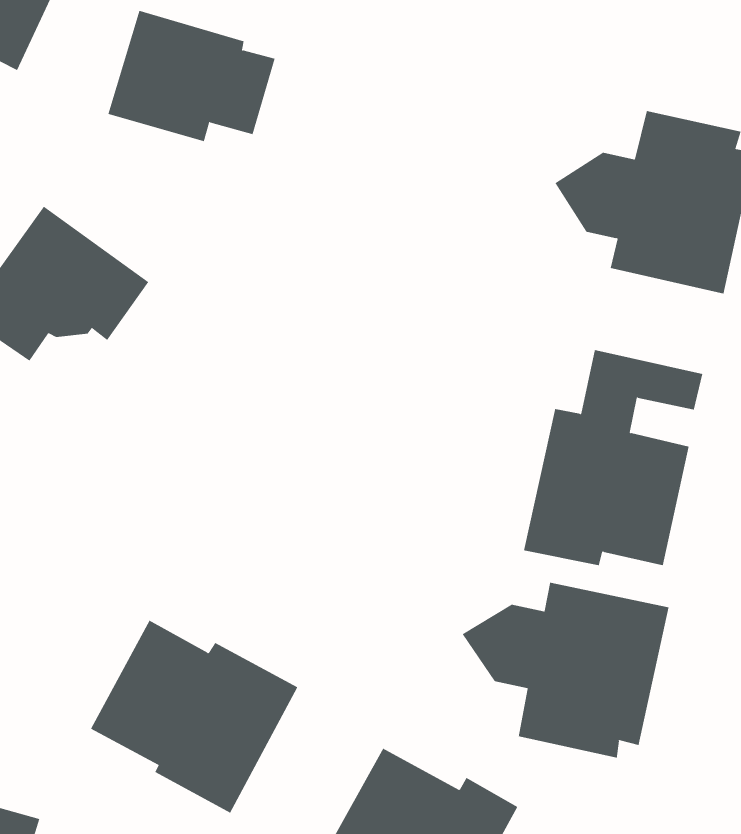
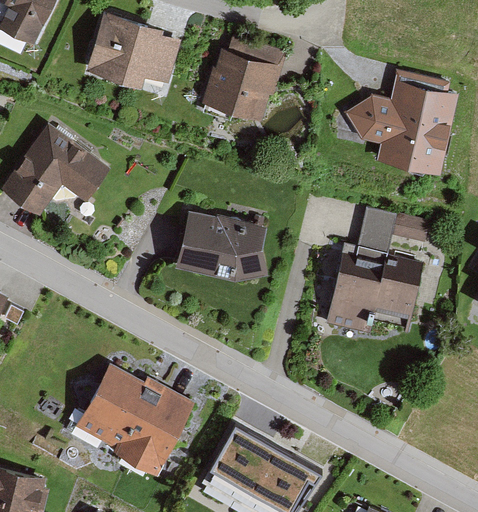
building: none -> [201,35,287,122]
building: none -> [175,211,268,282]
building: [462,582,669,758] -> none

